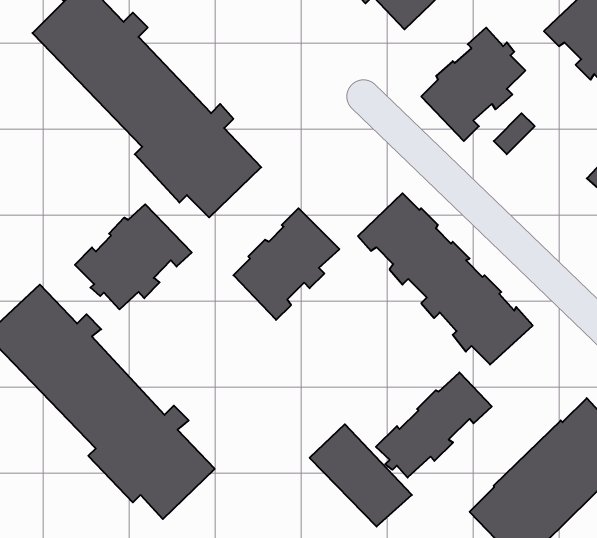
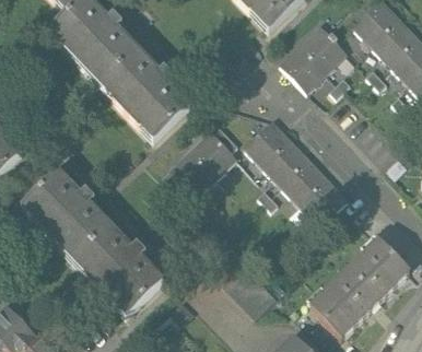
building: [75,204,192,309] -> none
building: [376,372,492,478] -> none

